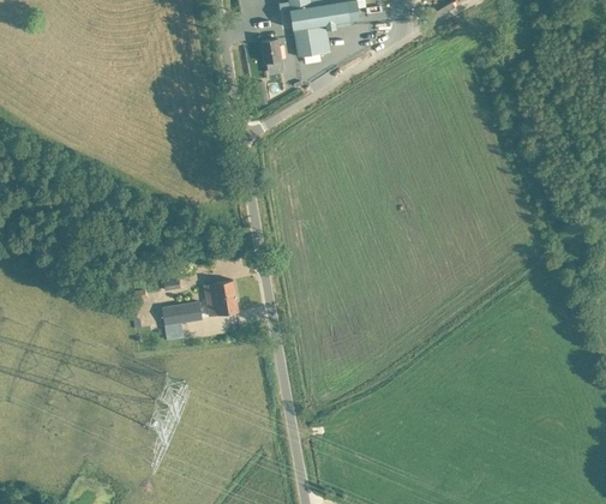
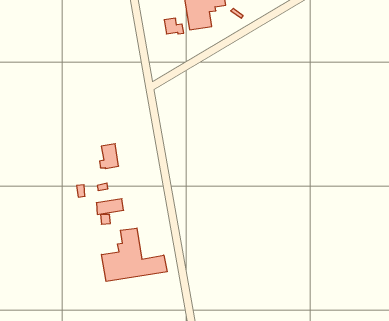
building: [210,280,238,316] -> [100,144,119,169]
building: none -> [102,228,167,281]

